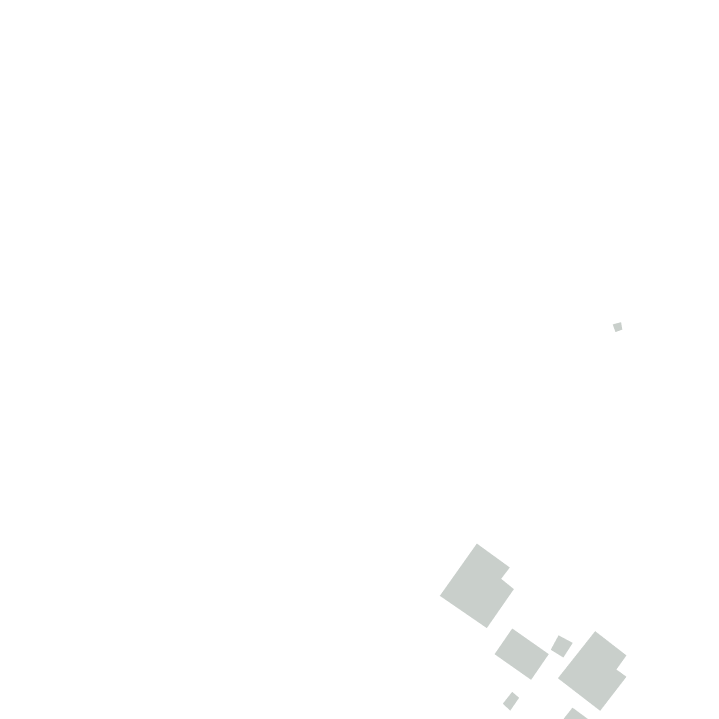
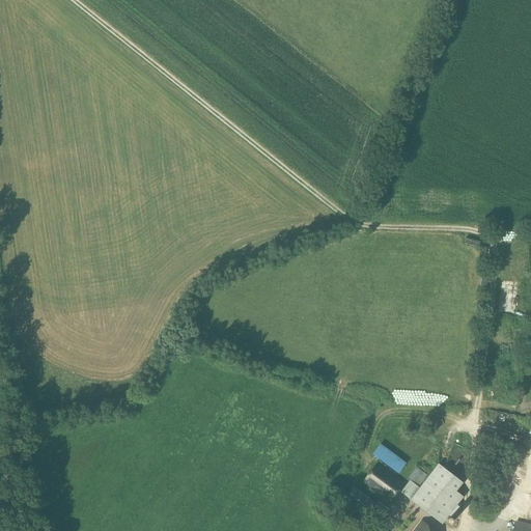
building: [439,543,515,629] -> none

